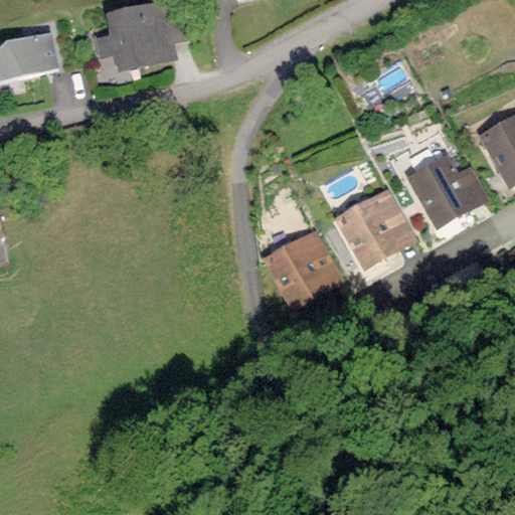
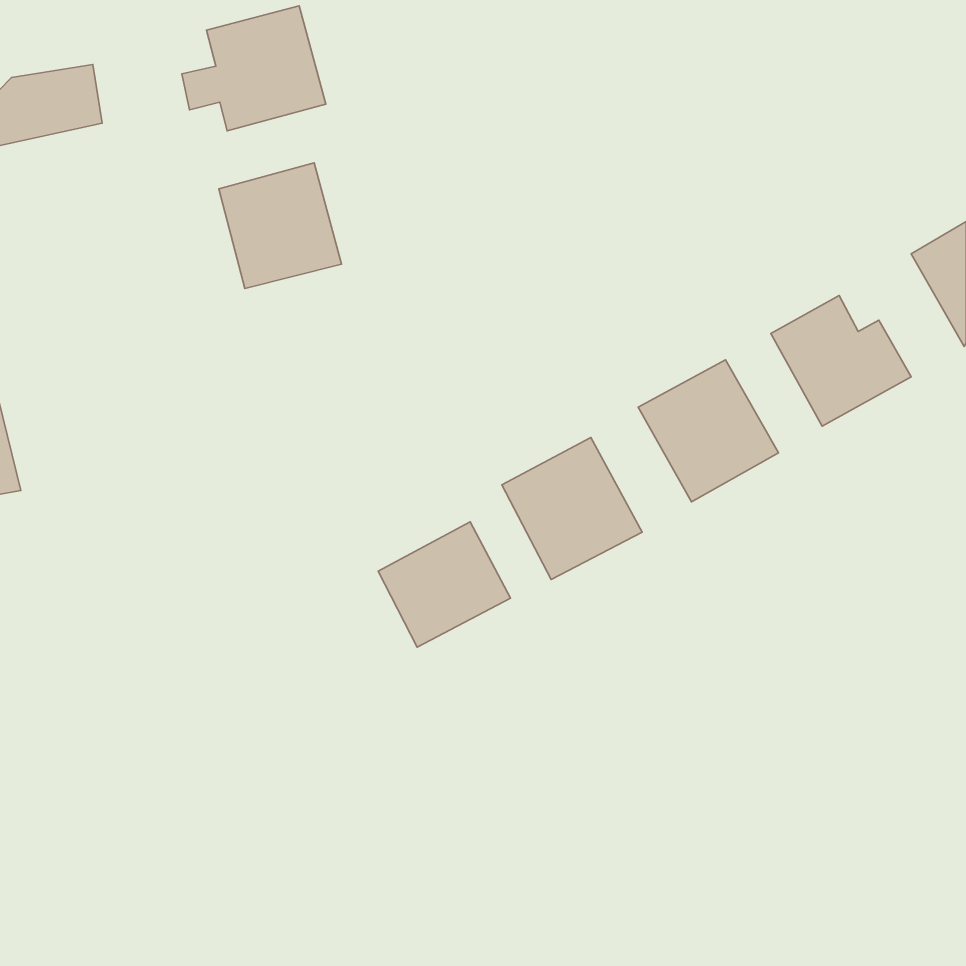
building: none -> [219,163,341,288]
building: none -> [378,522,511,647]

